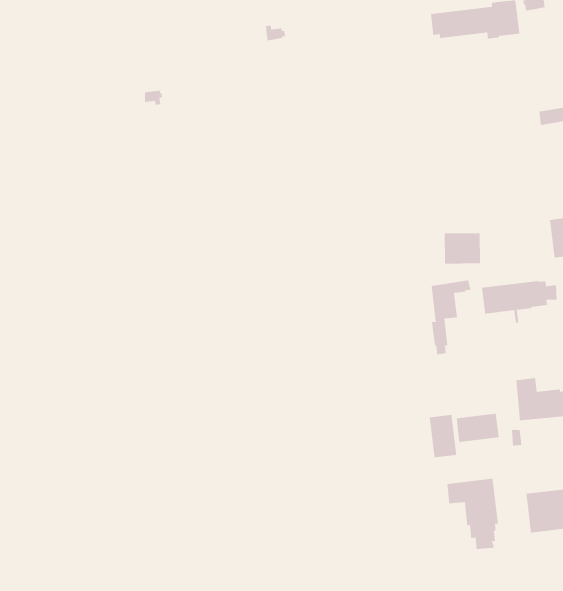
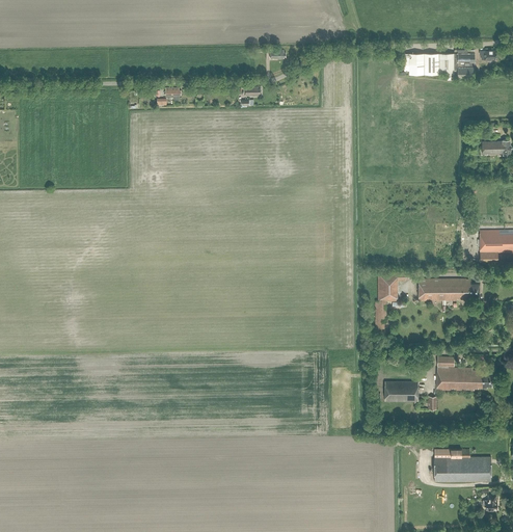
building: [444,232,481,264] -> none
building: [429,414,457,458] -> none
building: [447,478,498,550] -> none

